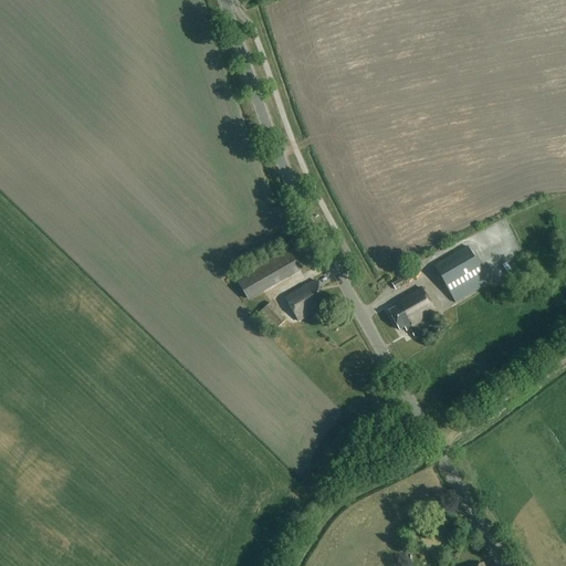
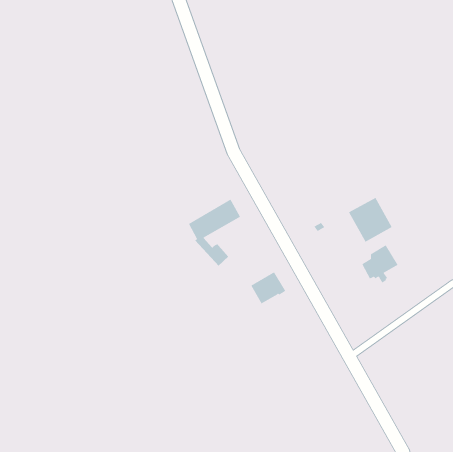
building: [285,277,329,318] -> [251,271,286,304]
building: [390,287,437,336] -> [361,244,399,284]

